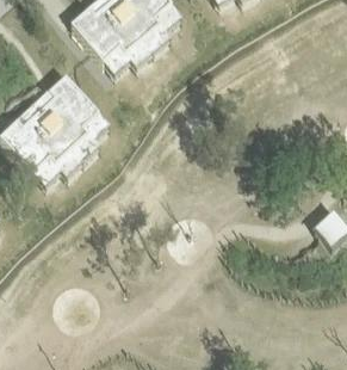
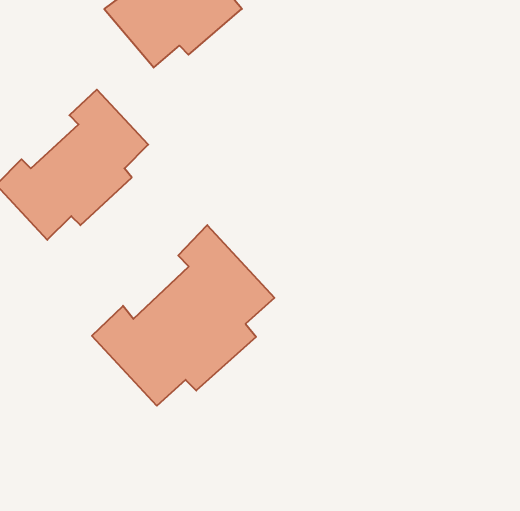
building: none -> [92,225,274,406]

